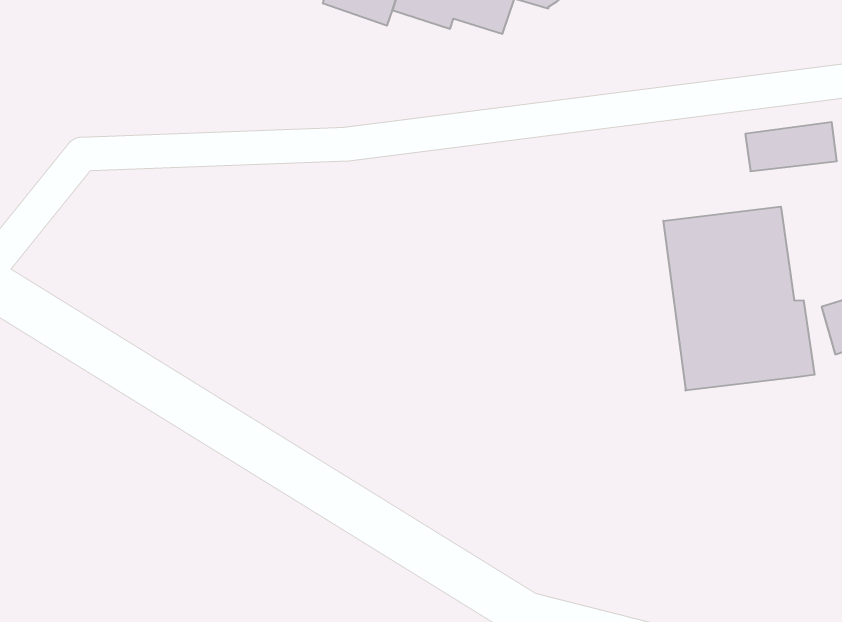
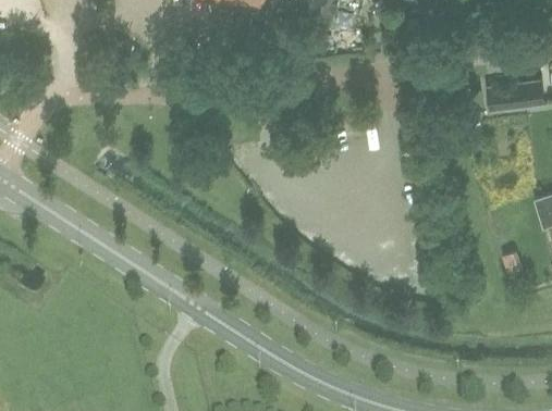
building: [663,207,815,391] -> none

